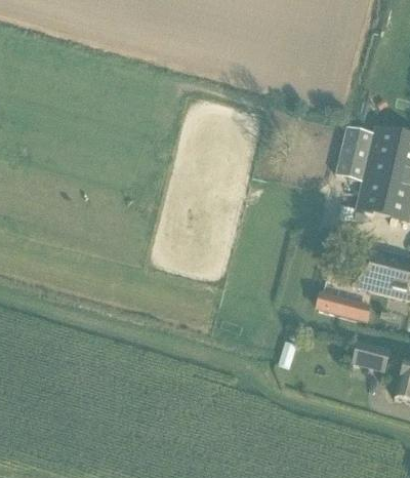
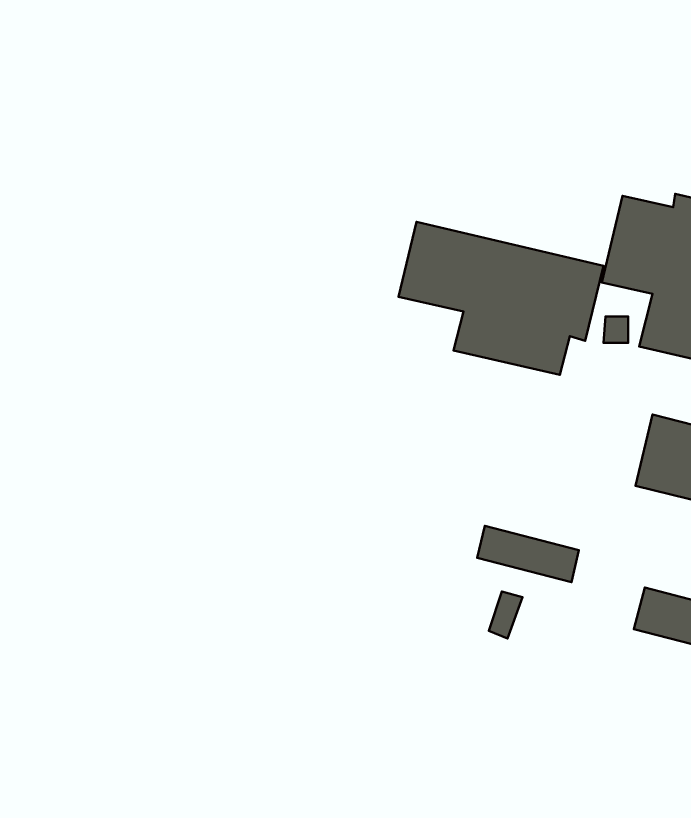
building: none -> [399,222,603,375]
building: [317,290,372,321] -> [477,526,579,582]

